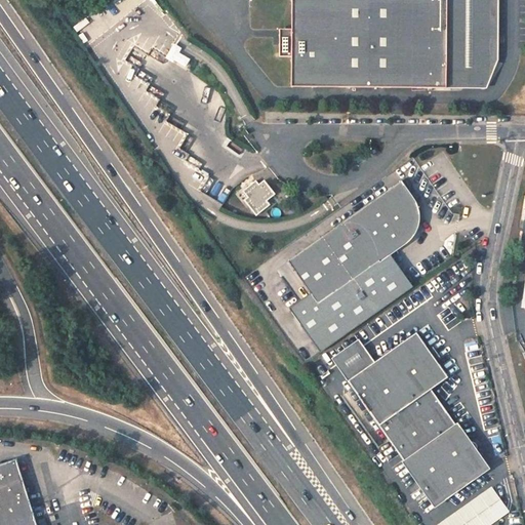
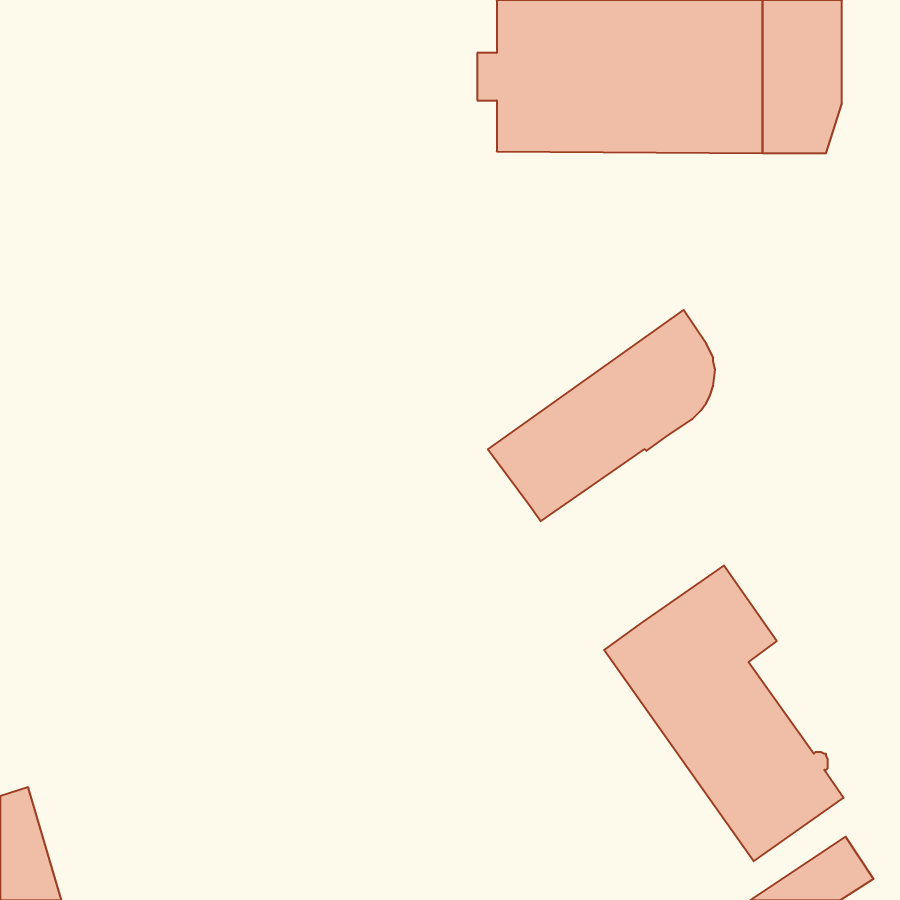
building: [241,180,274,215] -> none
building: [288,254,412,354] -> none
building: [336,339,374,378] -> none

